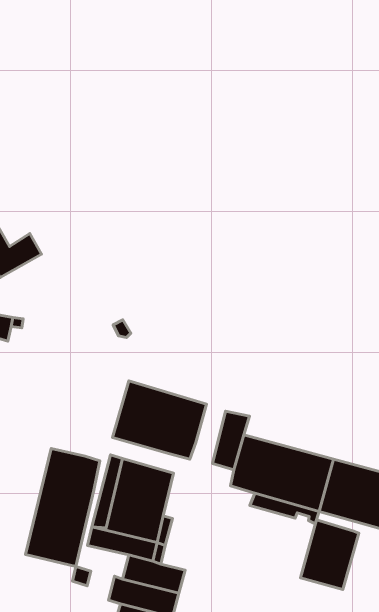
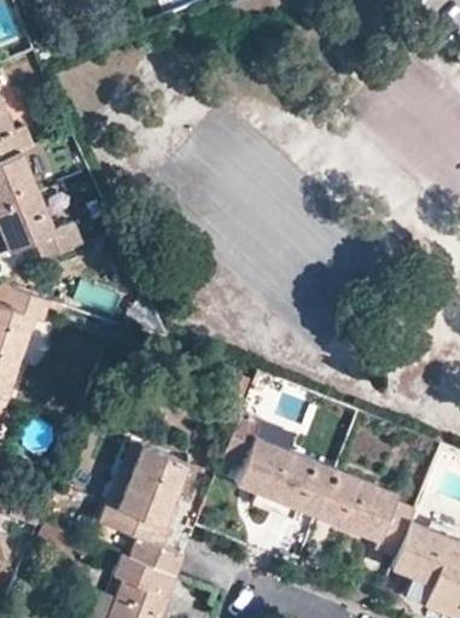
building: [112,381,207,459] -> none
building: [25,448,100,566] -> none
building: [301,520,359,589] -> none

